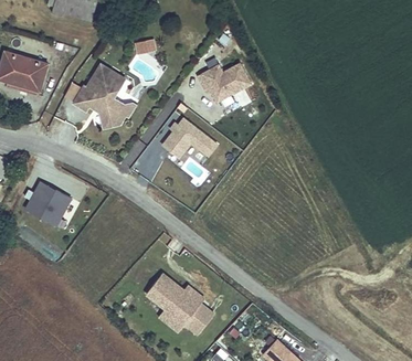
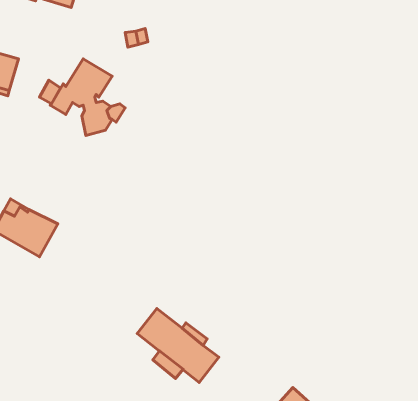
building: [198,63,251,102] -> none
building: [162,118,216,157] -> none

